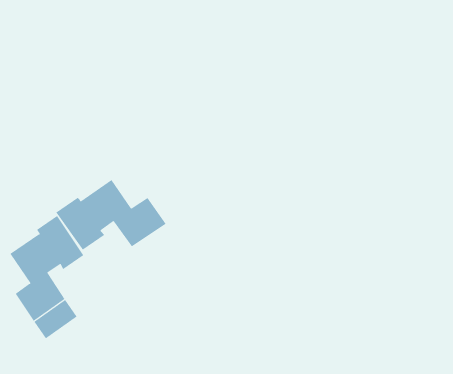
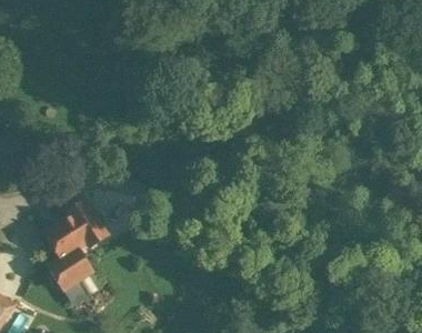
building: [55,179,166,250] -> none

